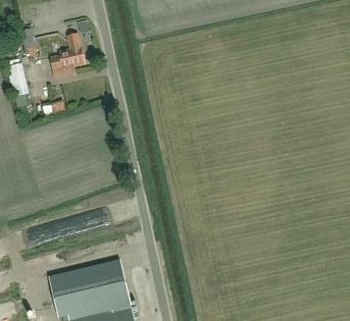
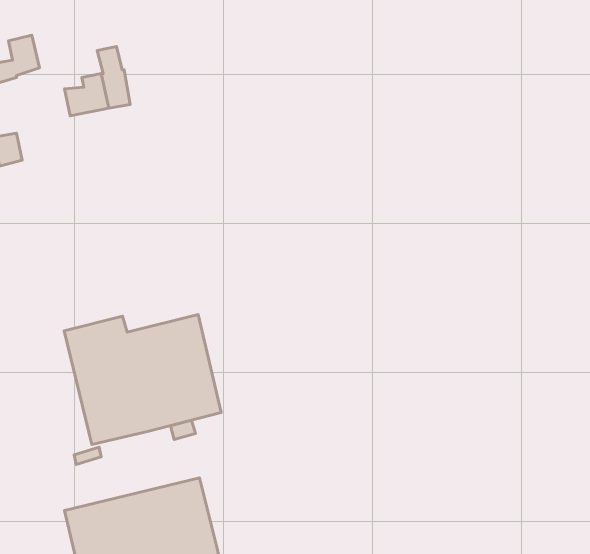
building: none -> [64,315,221,445]

